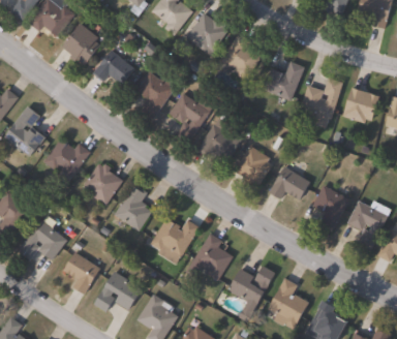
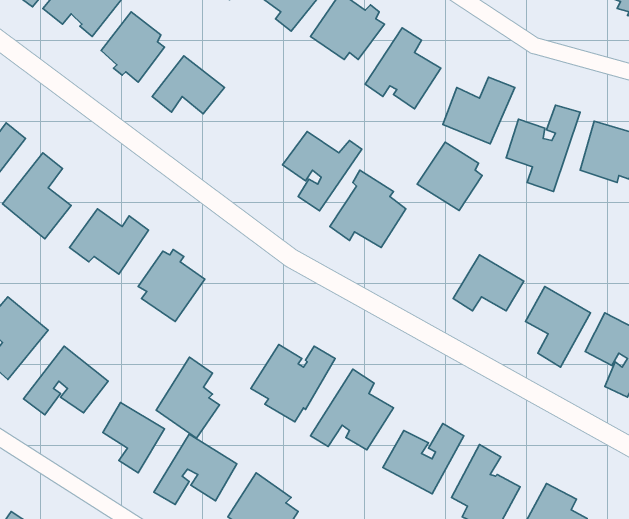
building: [135,71,174,118] -> none
building: [233,145,271,185] -> [417,142,482,211]
building: [114,183,151,230] -> [156,357,219,438]

